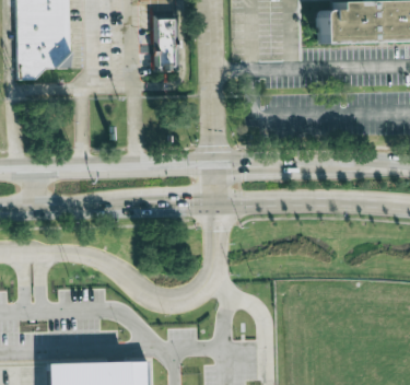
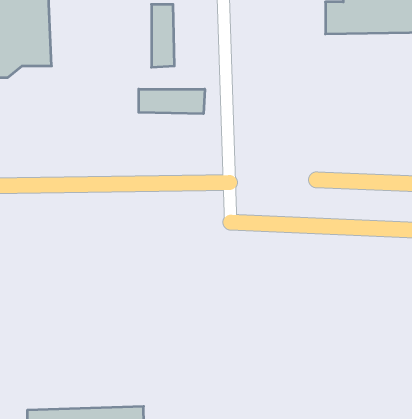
building: none -> [139,89,205,114]

